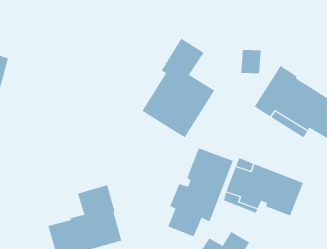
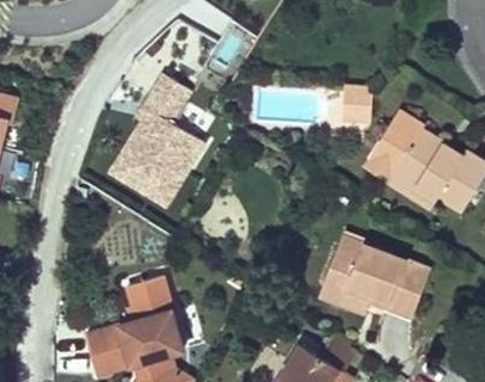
building: [141,38,215,138] -> [104,72,204,208]
building: [167,148,234,237] -> none

